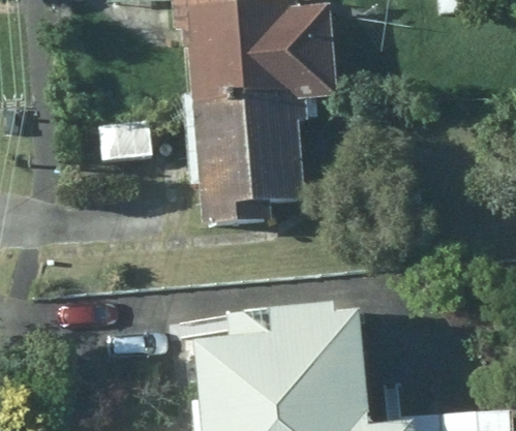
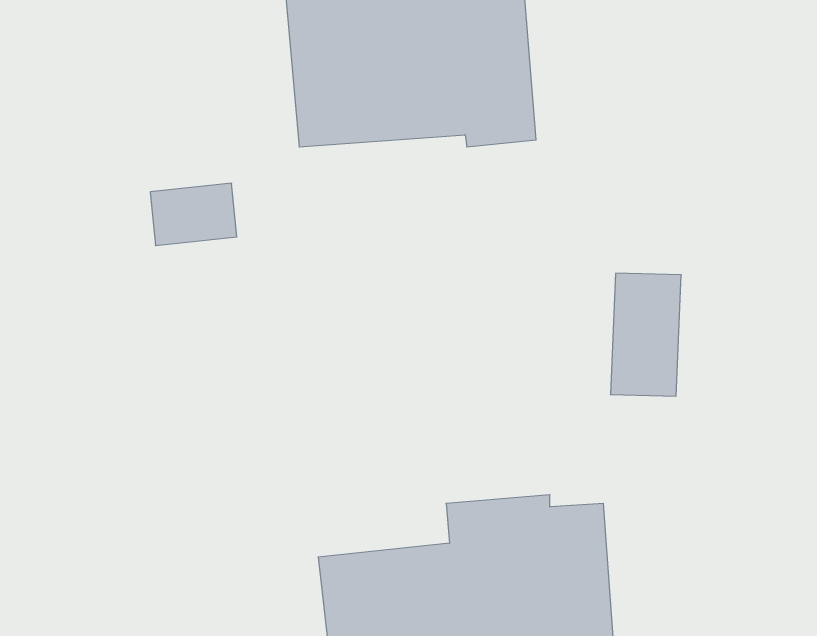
building: [188,89,298,218] -> none

